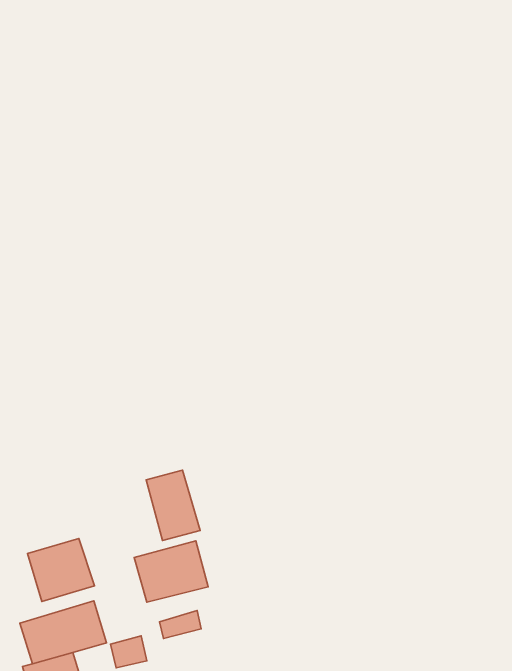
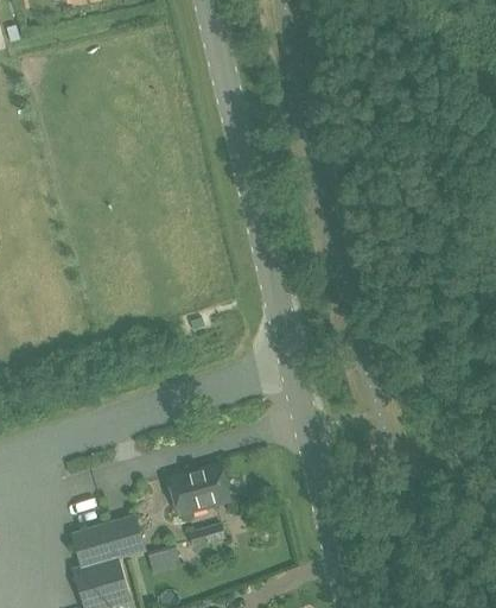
building: [146,470,200,541] -> none
building: [28,538,95,602] -> none

